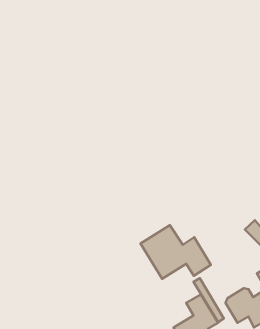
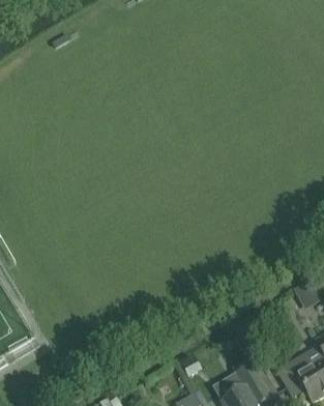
building: [141,225,211,279] -> none

